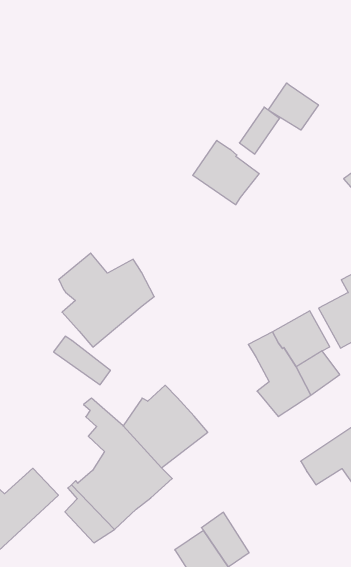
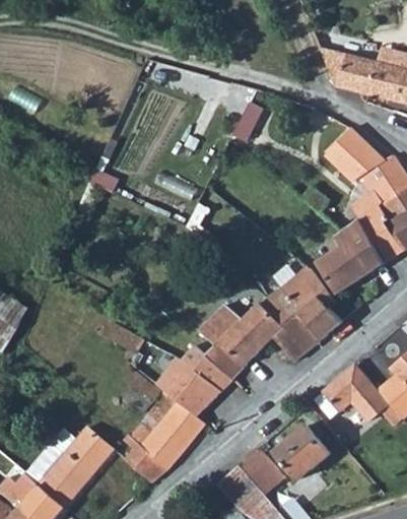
building: [268,83,318,130] -> none
building: [193,140,259,205] -> none
building: [59,253,154,347] -> [198,303,280,382]
building: none -> [272,425,326,478]

